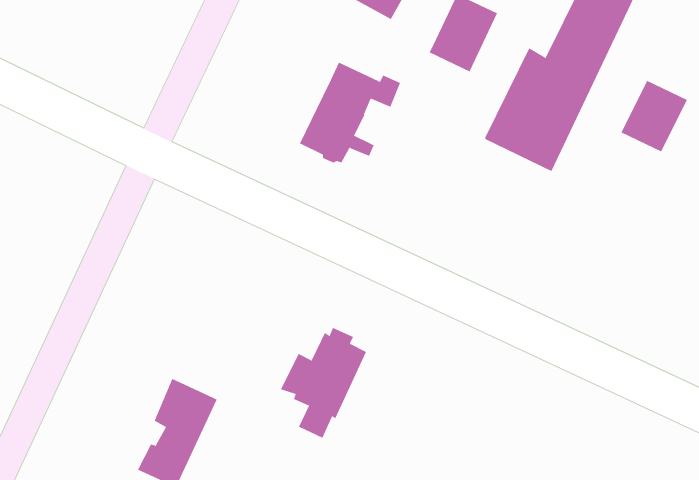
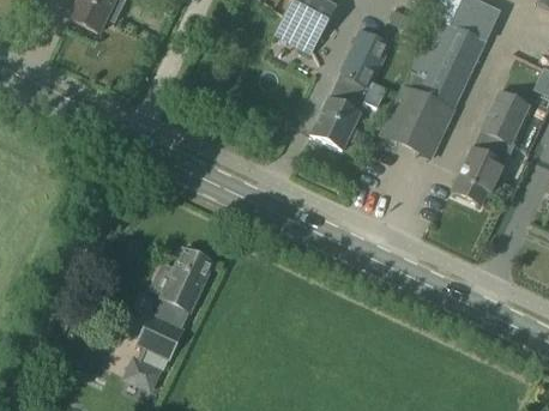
building: [299,62,401,163] -> [310,72,385,146]
building: none -> [451,150,503,206]
building: [280,327,367,438] -> [151,243,215,325]

